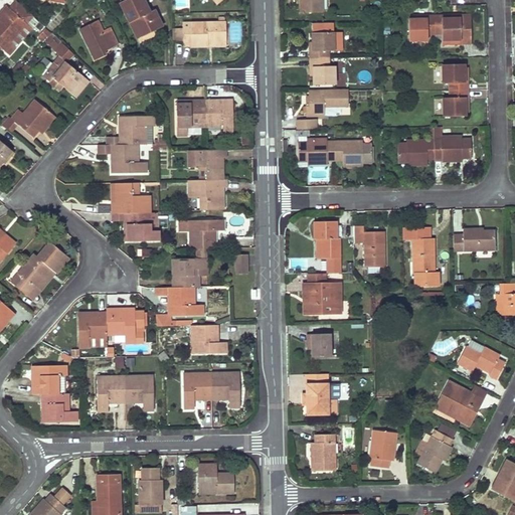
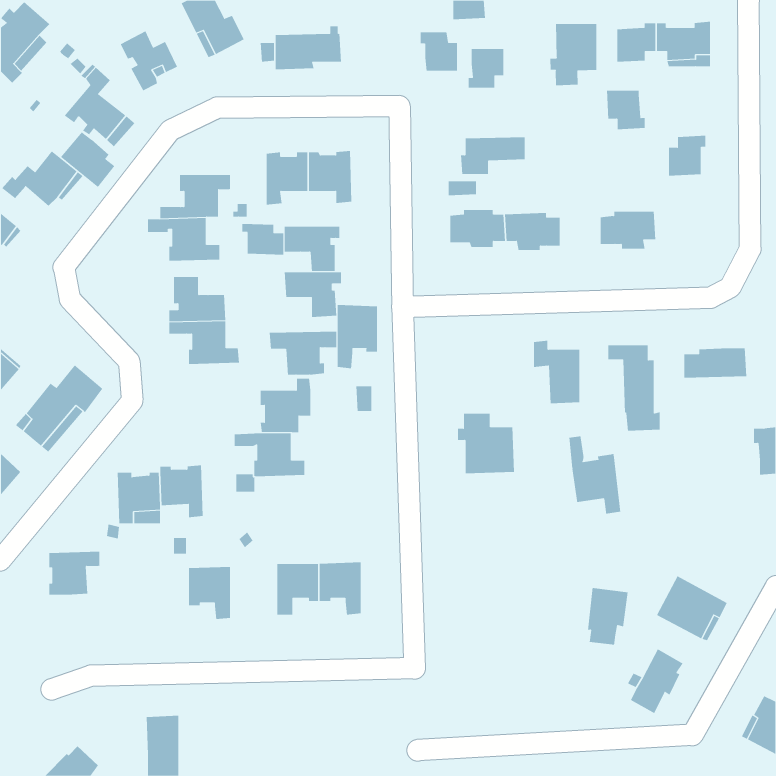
building: none -> [550,23,597,86]
building: [310,58,335,84] -> [420,32,458,71]
building: [442,64,468,91] -> [606,90,646,130]
building: none -> [60,132,115,188]
building: [434,128,471,161] -> none
building: none -> [242,223,284,255]
building: none -> [337,304,377,369]
building: [314,221,339,259] -> none
building: none -> [569,435,621,514]
building: [191,325,225,353] -> none
building: [311,333,331,357] -> none
building: [457,346,504,379] -> none
building: [302,373,338,414] -> none
building: [97,376,125,411] -> none
building: [42,393,76,422] -> none
building: [369,430,396,468] -> [587,588,628,645]
building: [310,434,335,471] -> none
building: [197,464,233,494] -> none
building: [139,468,161,505] -> none

